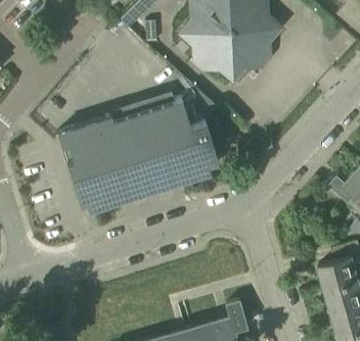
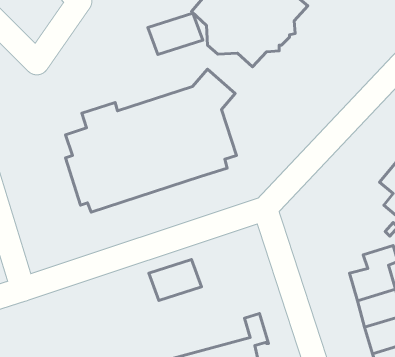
building: none -> [148,13,203,55]
building: none -> [149,259,202,301]

